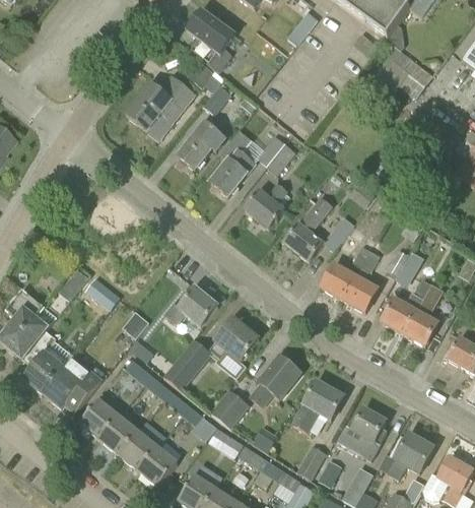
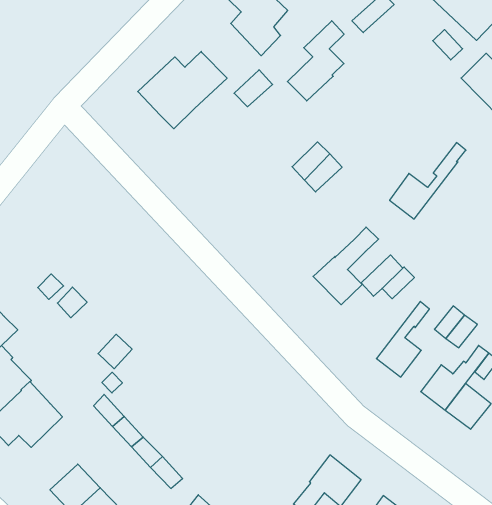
building: [178,122,225,170] -> none
building: [211,130,254,196] -> [287,21,344,101]
building: [245,182,288,229] -> none
building: [322,235,377,300] -> [390,143,466,219]
building: [165,288,218,327] -> none
building: [208,318,259,363] -> none
building: [163,347,204,390] -> none
building: [251,356,300,406] -> none
building: [210,388,250,429] -> none
building: [80,400,119,439] -> none

